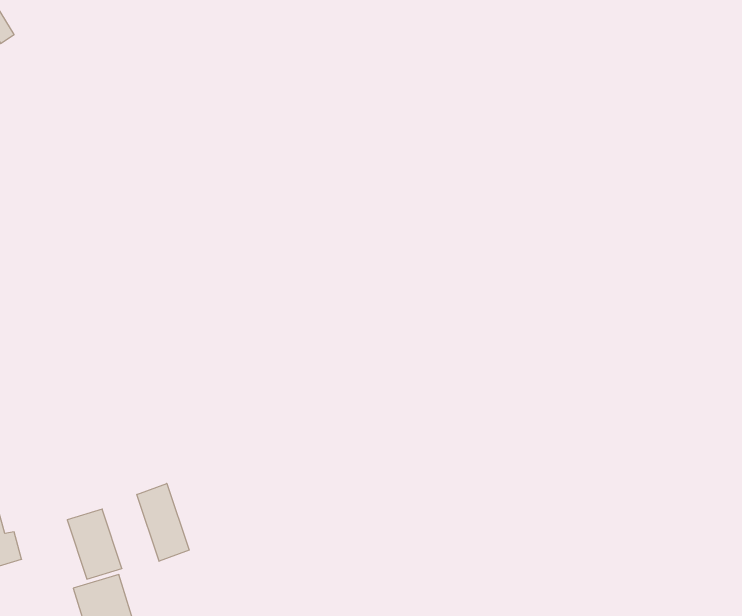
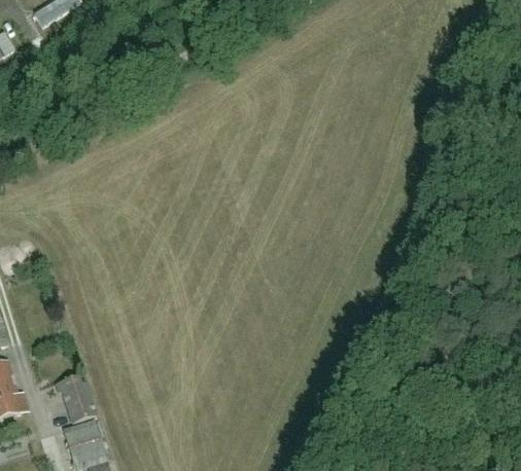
building: [137,483,189,561] -> none

